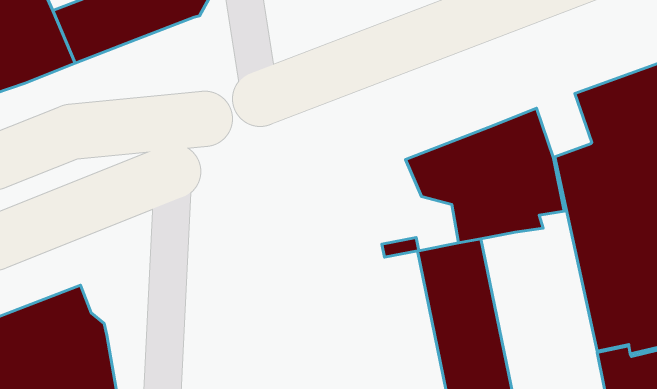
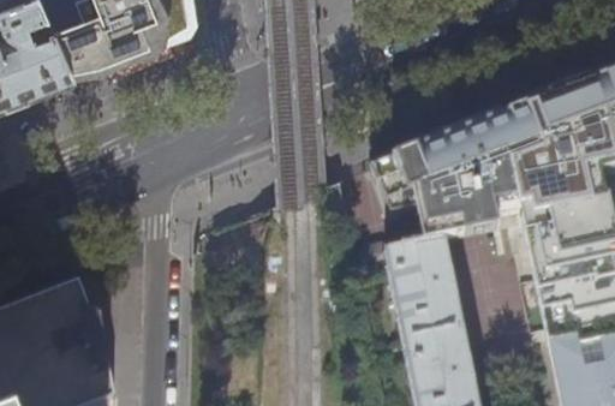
building: none -> [492,109,542,167]

